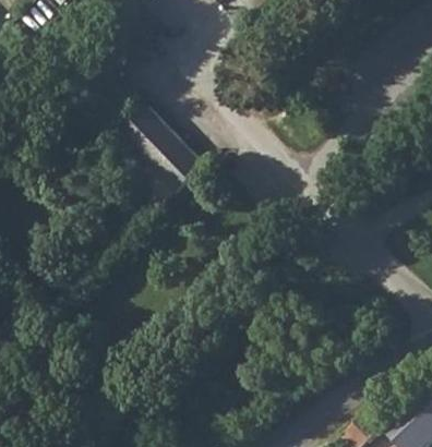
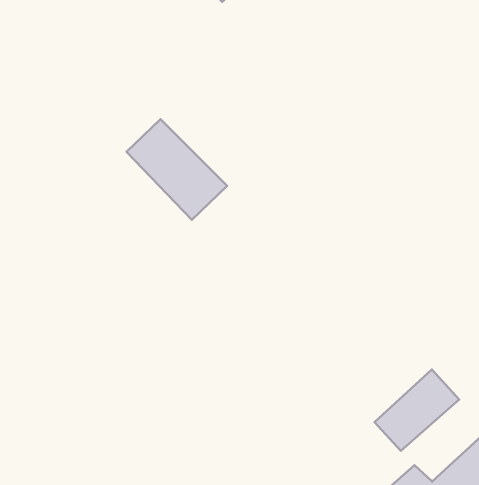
building: none -> [374,370,459,451]

